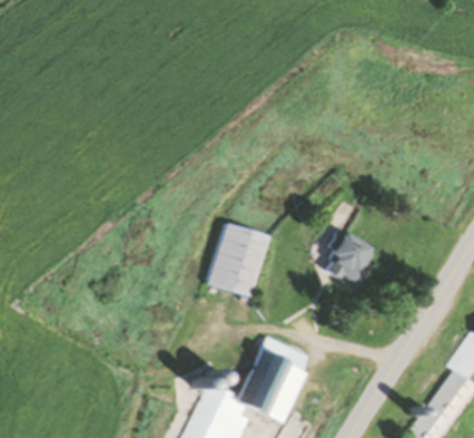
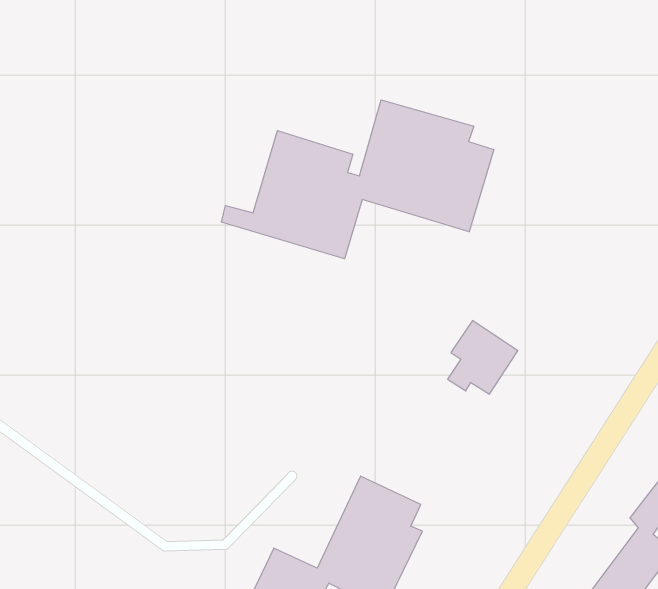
building: none -> [222,100,494,259]
building: [209,225,269,296] -> none

